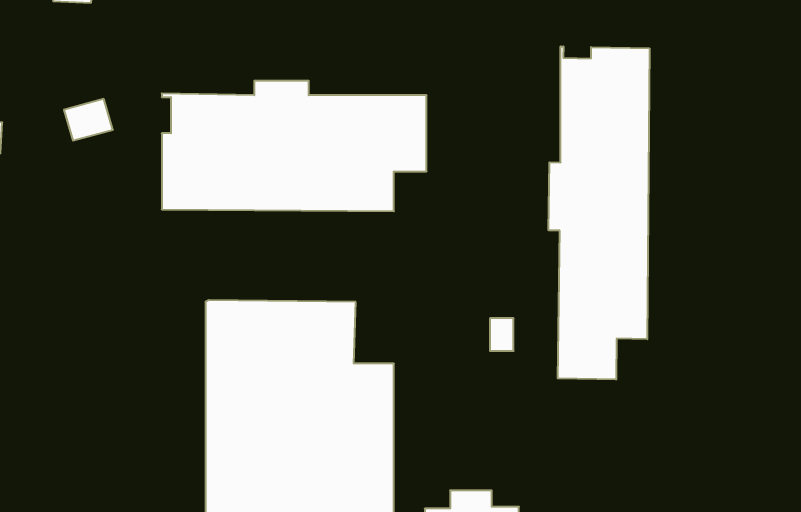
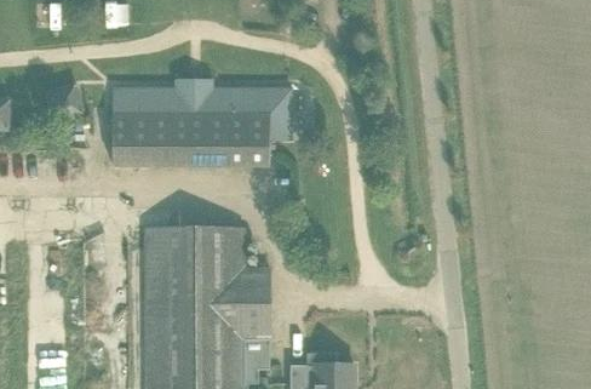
building: [549,46,649,380] -> none

